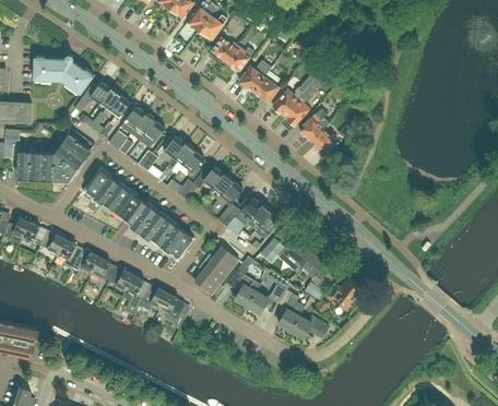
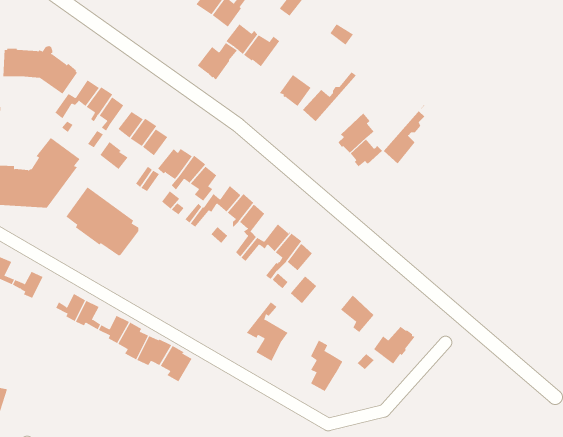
building: [238,62,271,93] -> [197,42,238,81]
building: [283,79,317,127] -> [383,104,425,164]
building: [129,202,194,262] -> none
building: [278,238,312,272] -> none
building: [57,239,83,270] -> none
building: [194,247,239,295] -> none
building: [248,285,285,313] -> none
building: [290,317,329,338] -> none

